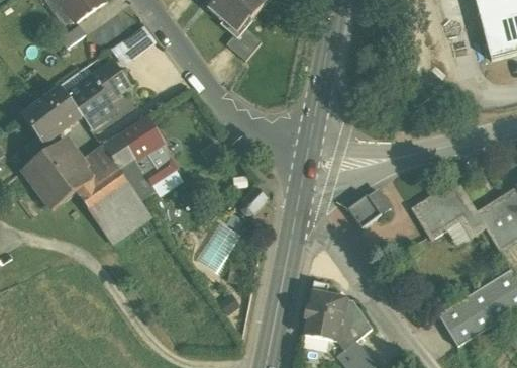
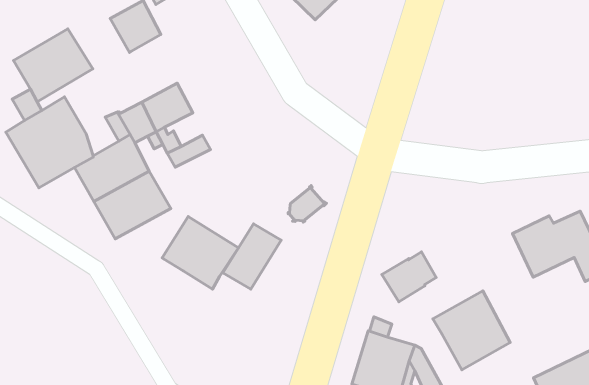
building: [68,75,116,125] -> none
building: [348,187,390,226] -> [382,252,436,302]
building: none -> [162,216,238,289]
building: none -> [433,291,510,370]

